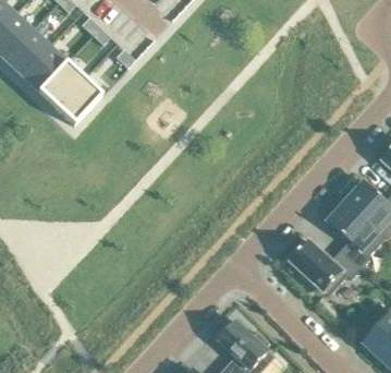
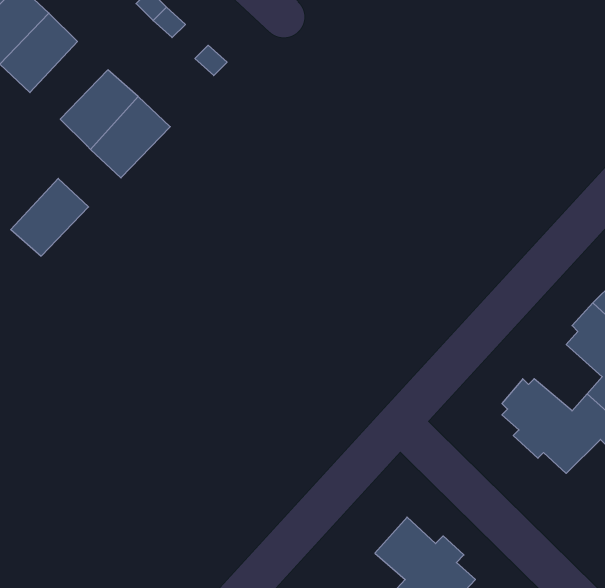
building: [20,46,64,91] -> [11,178,89,256]

